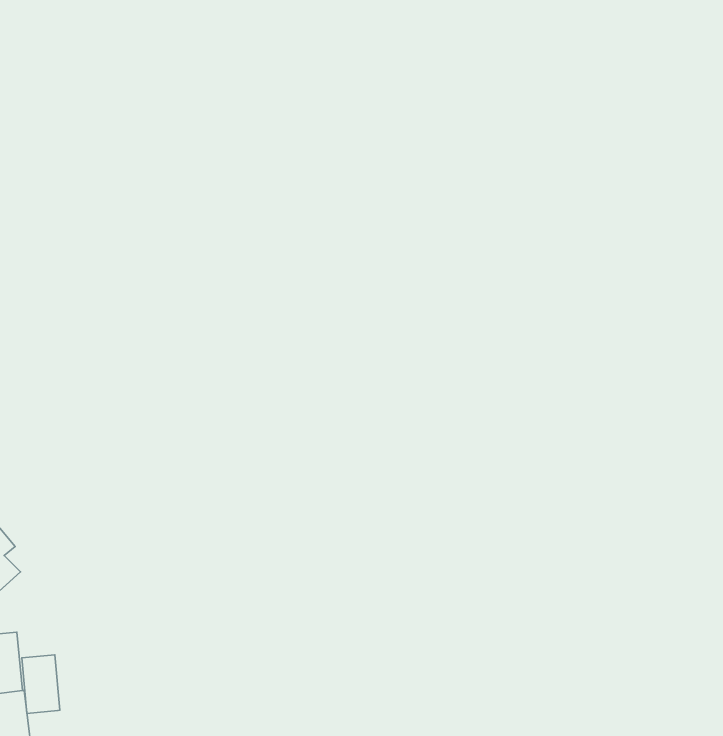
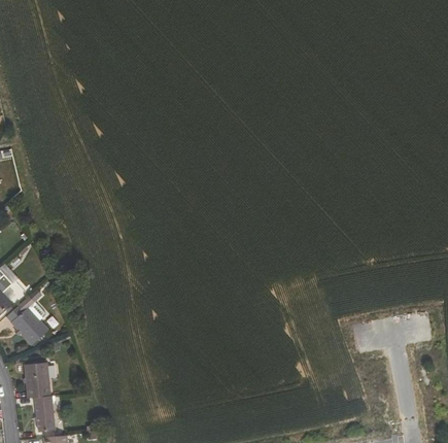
building: [22,655,60,713] -> none

